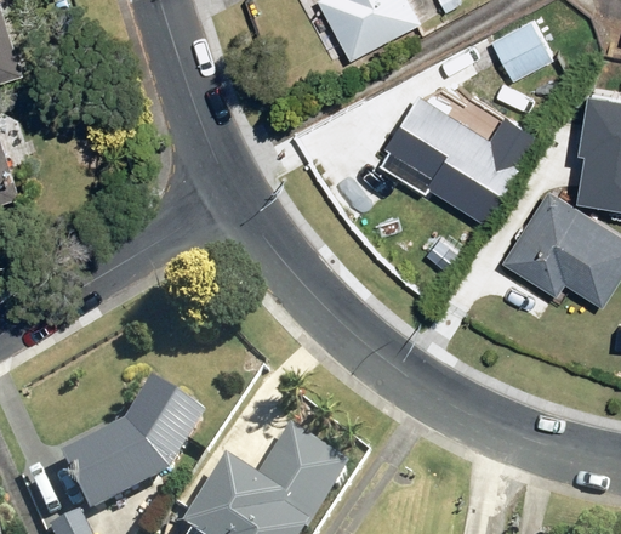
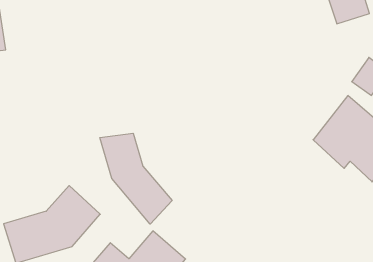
building: [377,92,531,221] -> none
building: none -> [100,133,172,224]

